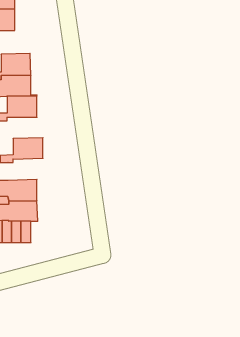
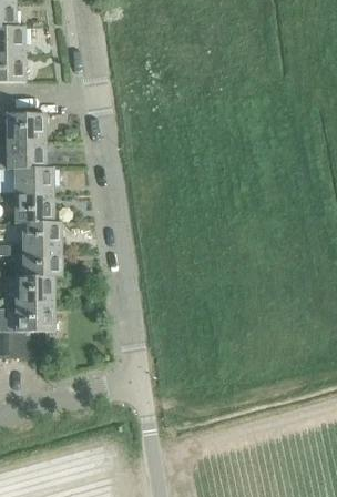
building: none -> [14,194,61,222]
building: none -> [16,247,62,276]

